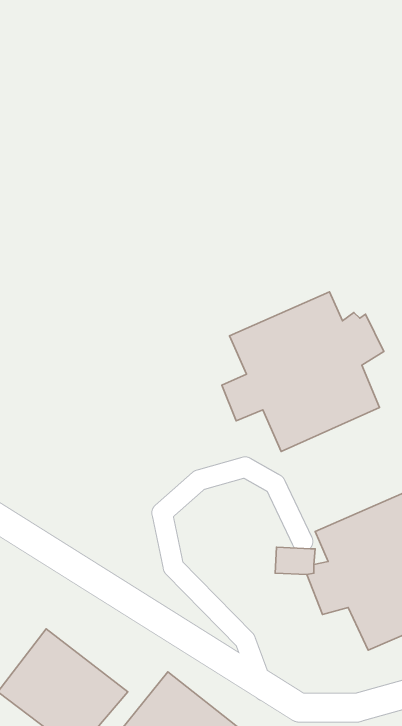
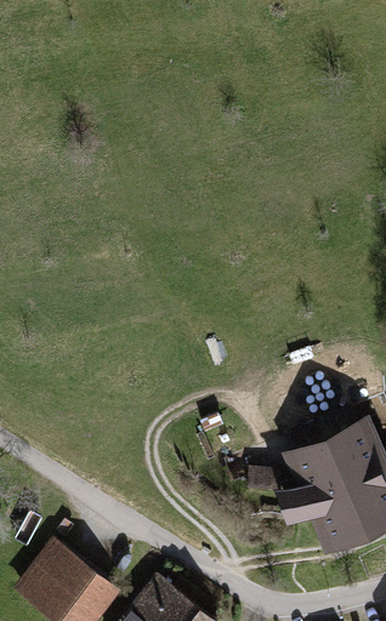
building: [222,292,384,451] -> none

